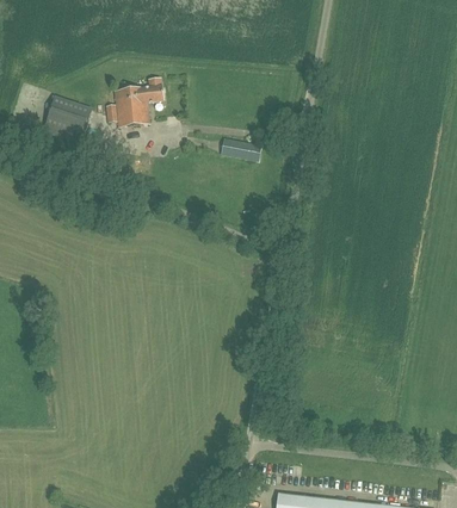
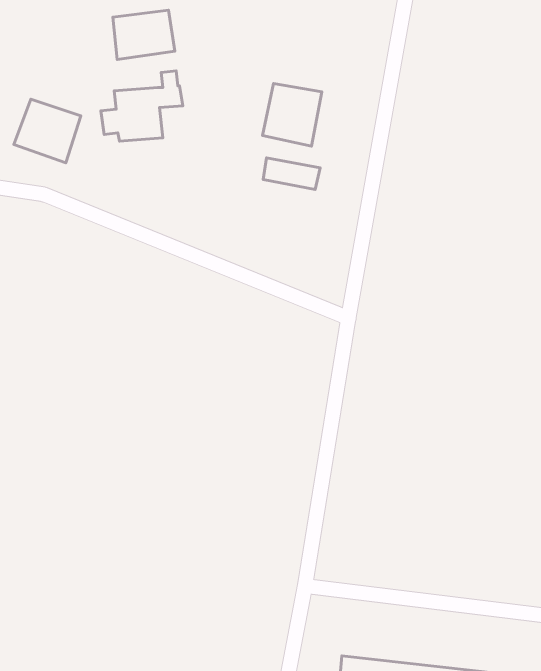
building: none -> [113,10,175,59]
building: none -> [263,83,322,146]

